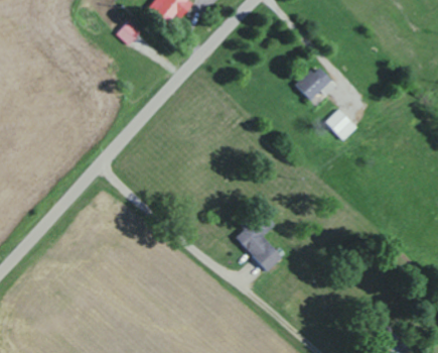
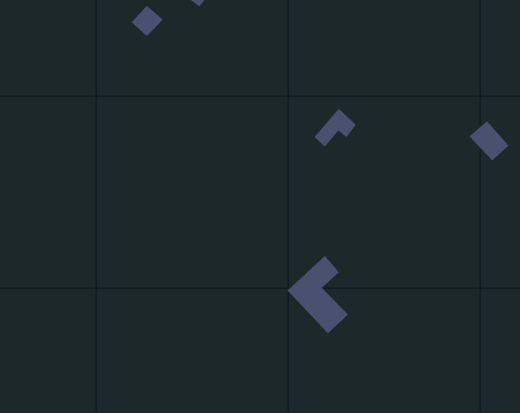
building: [302,71,335,101] -> [313,108,357,147]
building: [326,109,357,140] -> [469,120,509,161]

